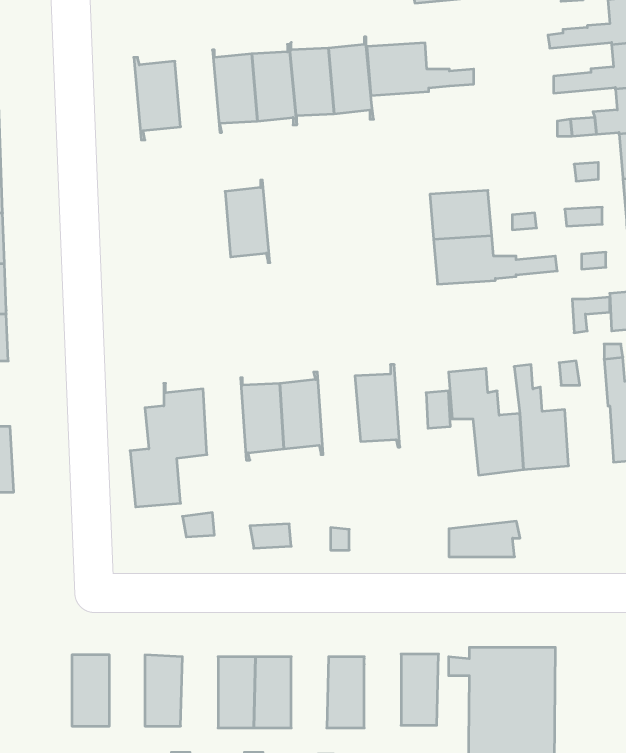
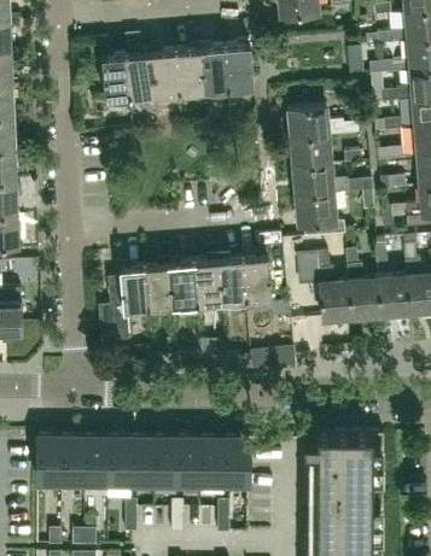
building: [367,43,474,95] -> [289,106,357,140]
building: [225,180,270,263] -> [127,47,156,100]
building: none -> [296,195,336,226]
building: none -> [219,254,246,308]
building: none -> [145,258,173,311]
building: none -> [378,276,409,315]
building: [449,521,520,557] -> [250,346,296,369]
building: [401,654,439,725] -> [202,438,226,484]
building: none -> [37,437,60,482]
building: none -> [85,437,107,482]
building: none -> [130,438,155,484]

